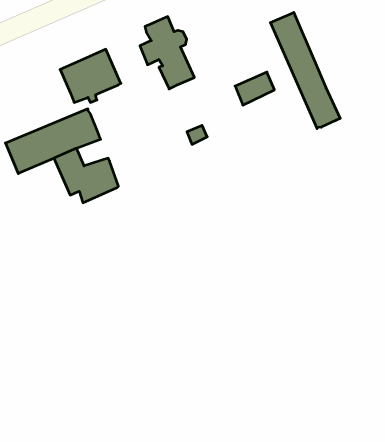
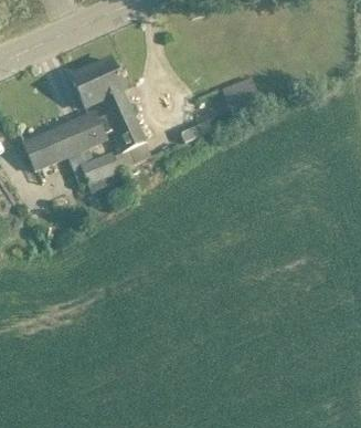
building: [270,12,340,129] -> none
building: [140,17,194,89] -> [97,88,145,152]

